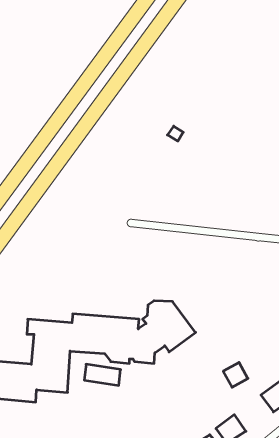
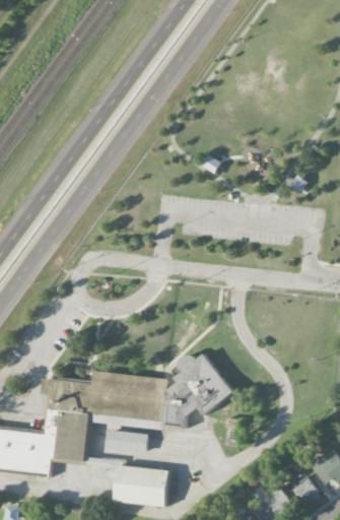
building: [223,362,248,387] -> [290,477,319,506]
building: none -> [115,465,169,507]

